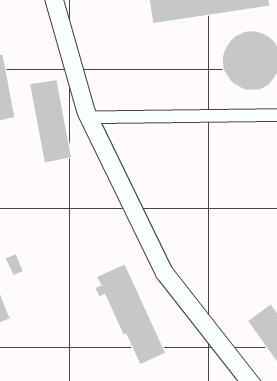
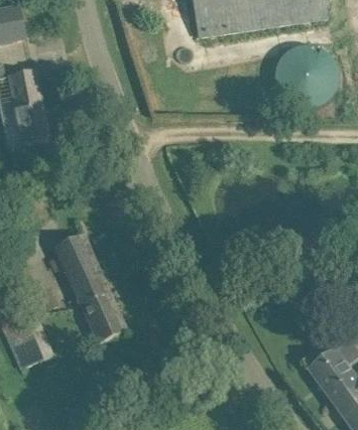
building: [29,79,72,163] -> none
building: [94,264,166,365] -> [50,234,128,343]

